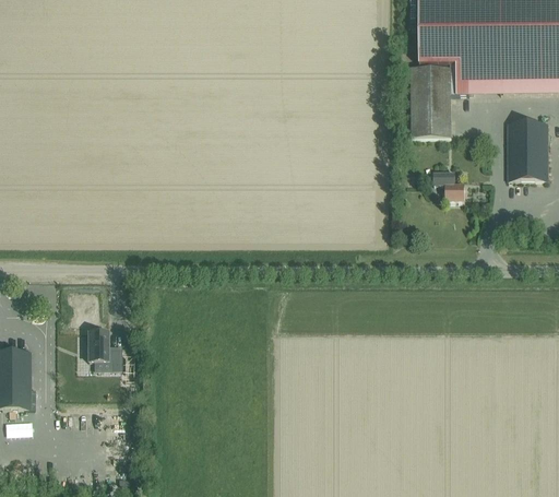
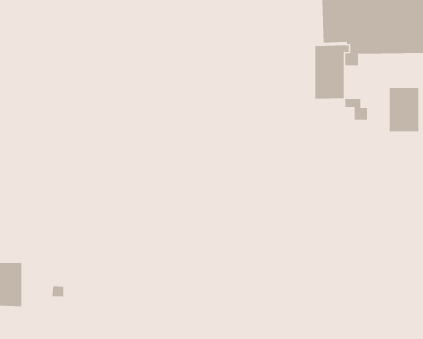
building: [433,173,464,201] -> [345,98,368,120]
building: [88,331,120,369] -> none

